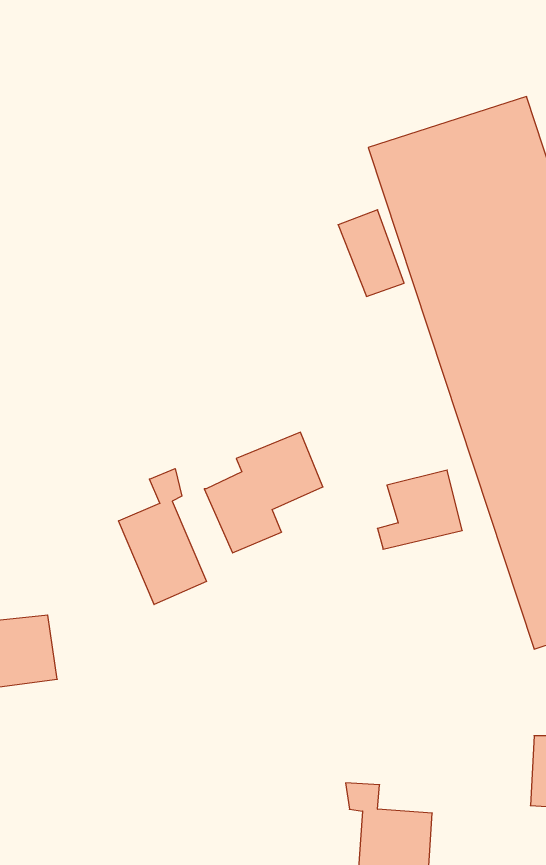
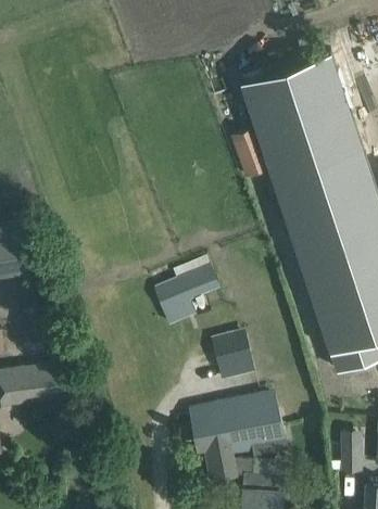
building: [119,469,206,605] -> none
building: [377,470,462,549] -> [205,336,254,382]
building: none -> [188,396,284,480]

